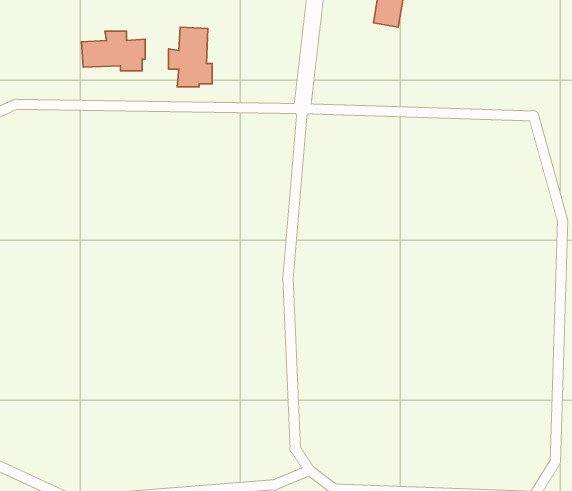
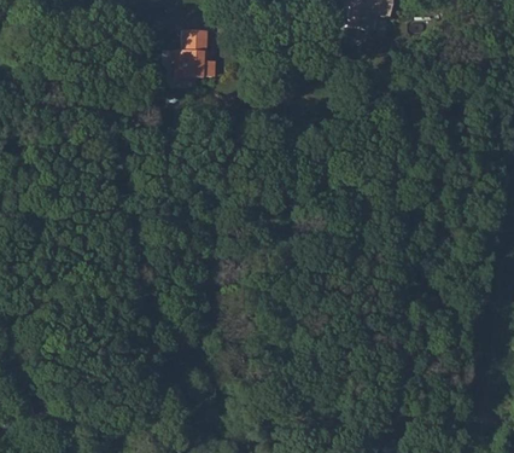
building: [82,31,145,71] -> none

